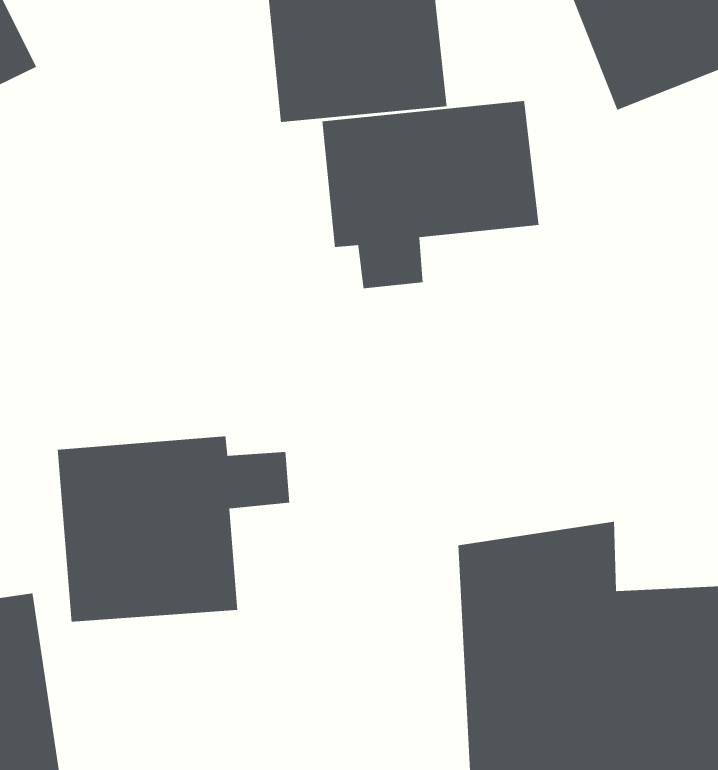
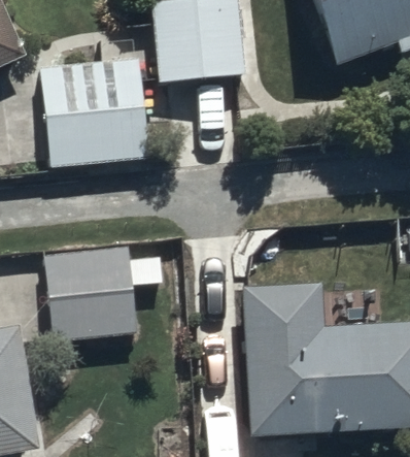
building: none -> [35,53,146,165]
building: [322,100,539,289] -> none

